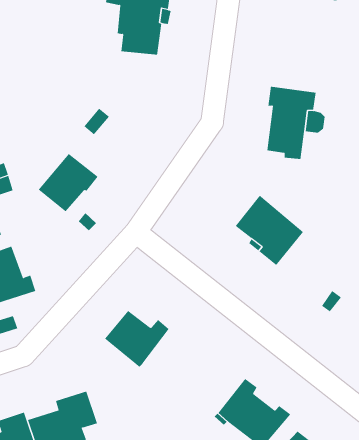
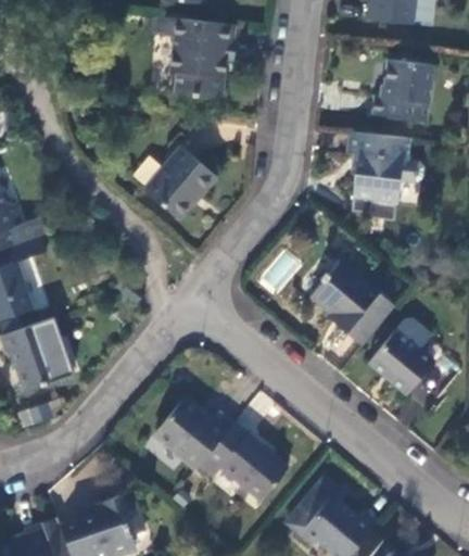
building: none -> [371,60,434,122]
building: [38,153,99,212] -> [142,148,215,218]
building: none -> [370,329,432,392]
building: none -> [201,420,287,495]

